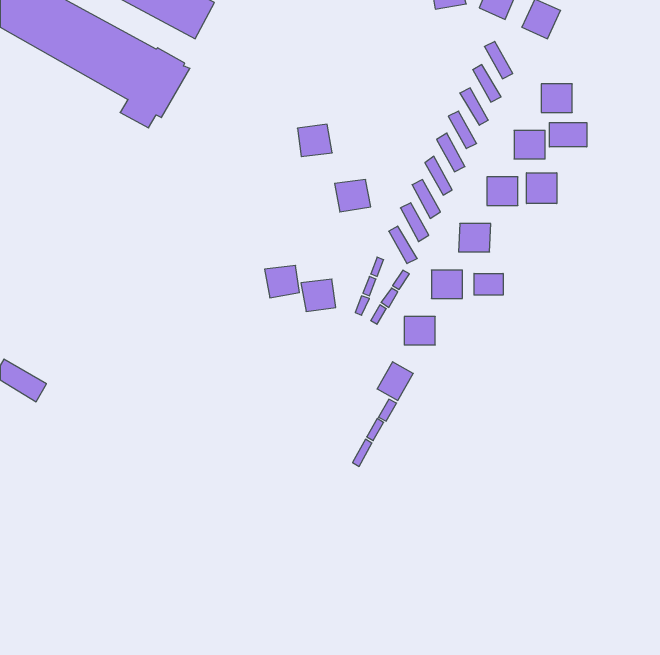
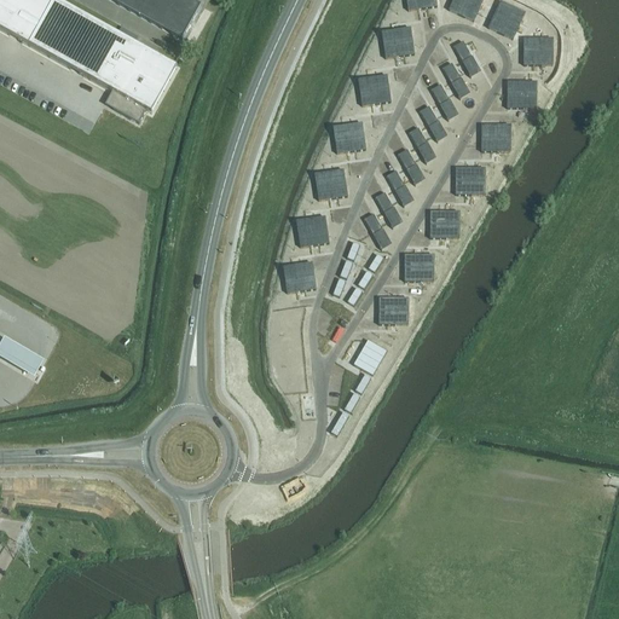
building: none -> [381,25,413,56]
building: none -> [523,35,553,62]
building: none -> [358,73,391,104]
building: [549,123,587,147] -> none
building: [297,124,332,157] -> [332,121,365,151]
building: [527,173,557,204] -> none
building: [265,265,299,298] -> [295,215,328,245]
building: [474,273,503,295] -> none

